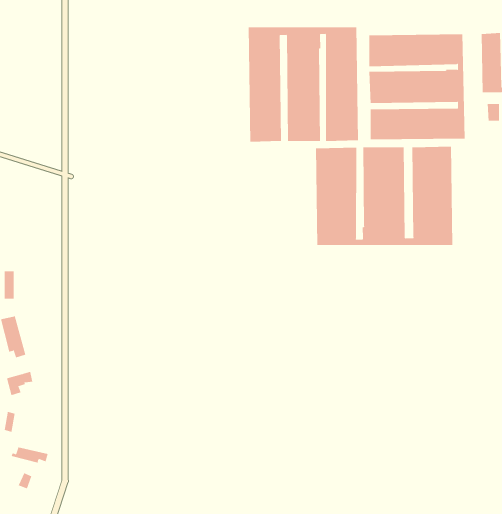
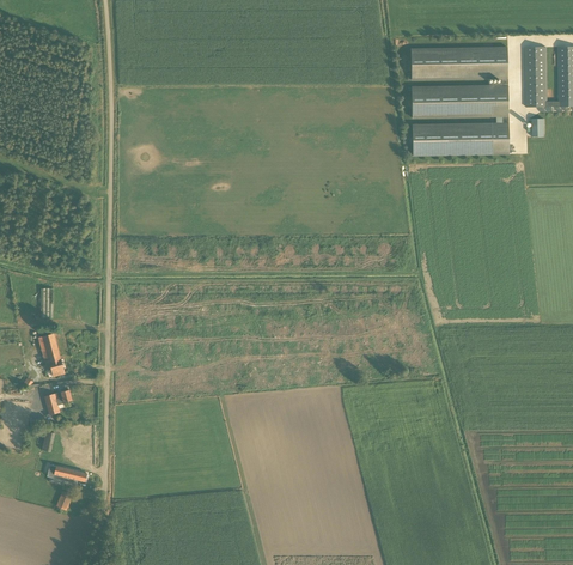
building: [248,27,358,142] -> none
building: [316,146,453,246] -> none

